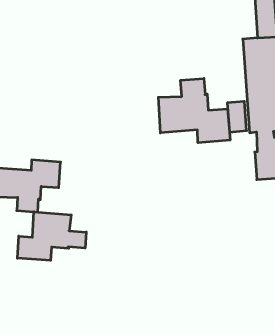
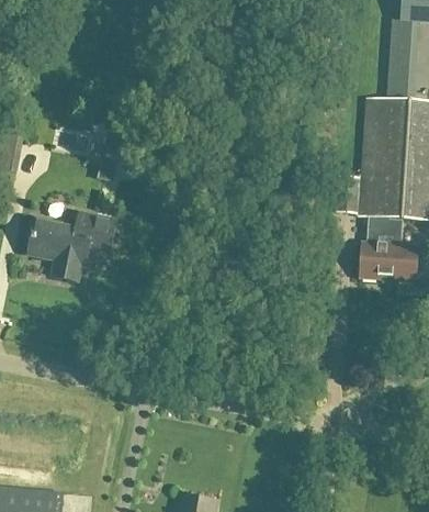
building: [158,78,230,143] -> none
building: [17,212,86,260] -> none

